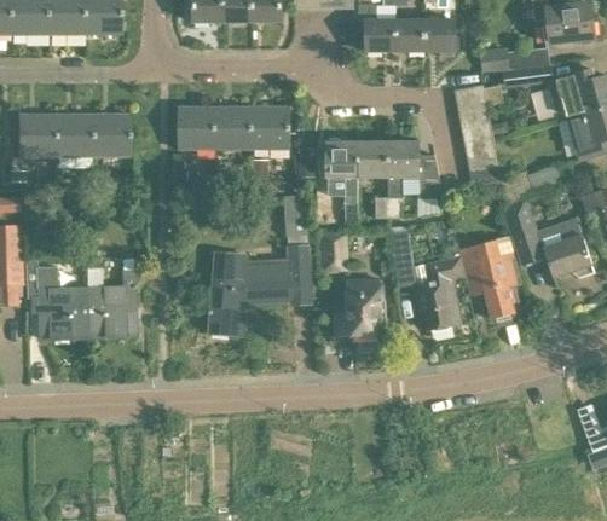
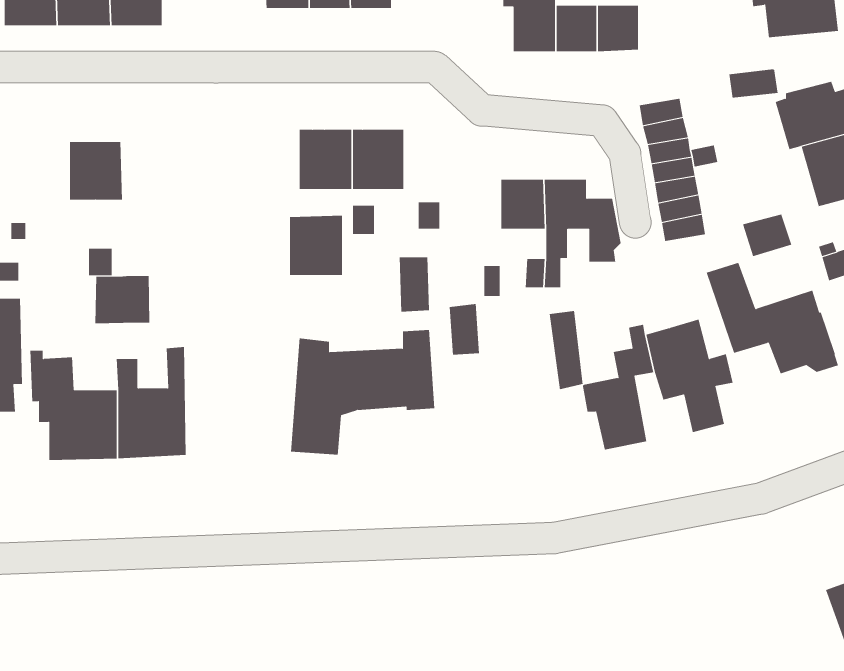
building: [480,48,548,71] -> none
building: [178,106,215,149] -> [289,215,343,275]
building: [91,114,129,156] -> none
building: [17,115,54,157] -> none
building: [326,141,357,176] -> none
building: none -> [95,275,150,324]
building: [345,279,381,335] -> none

